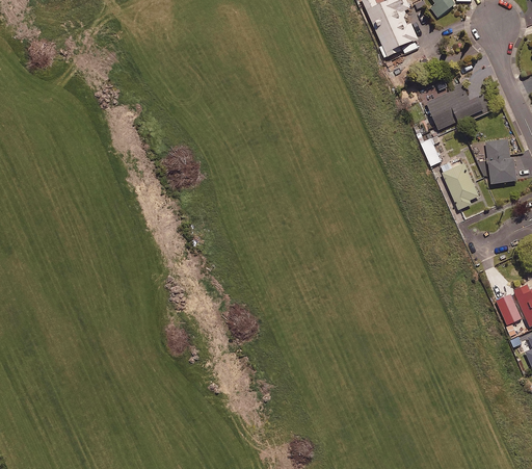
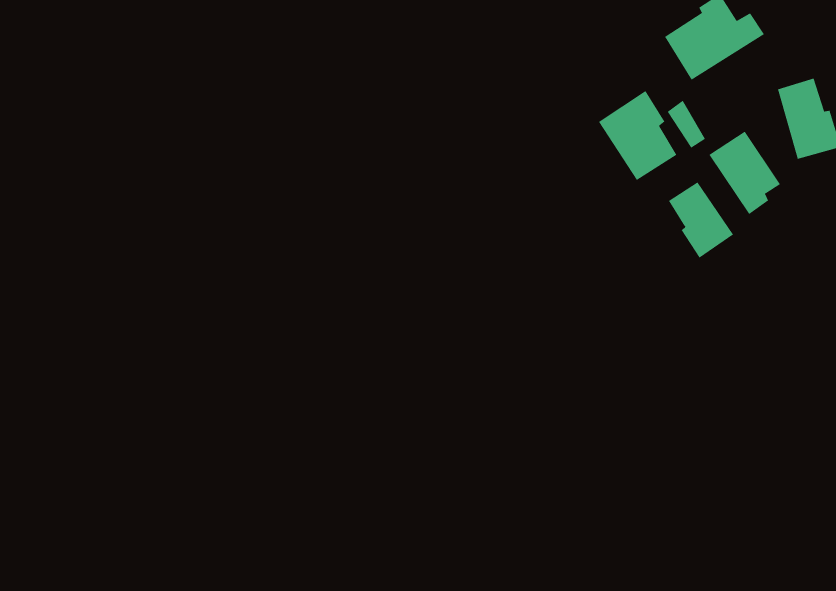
building: none -> [598,90,677,181]
building: none -> [668,181,734,258]

